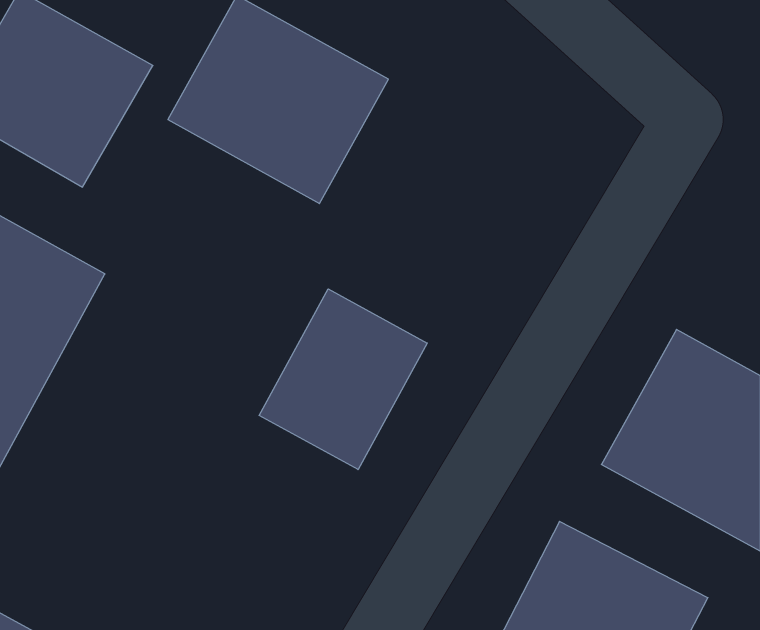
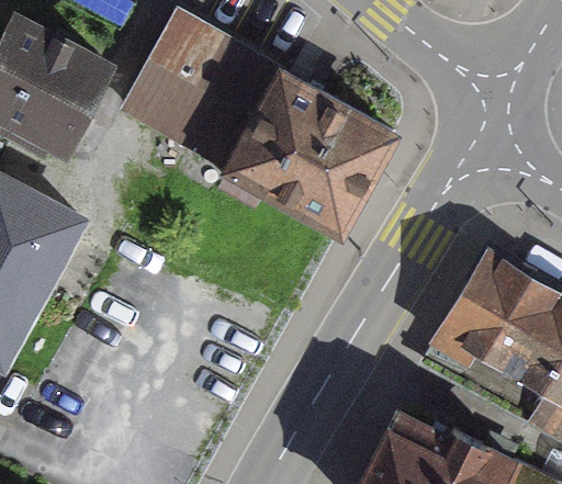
building: none -> [235,80,391,232]
building: [259,289,427,470] -> none

